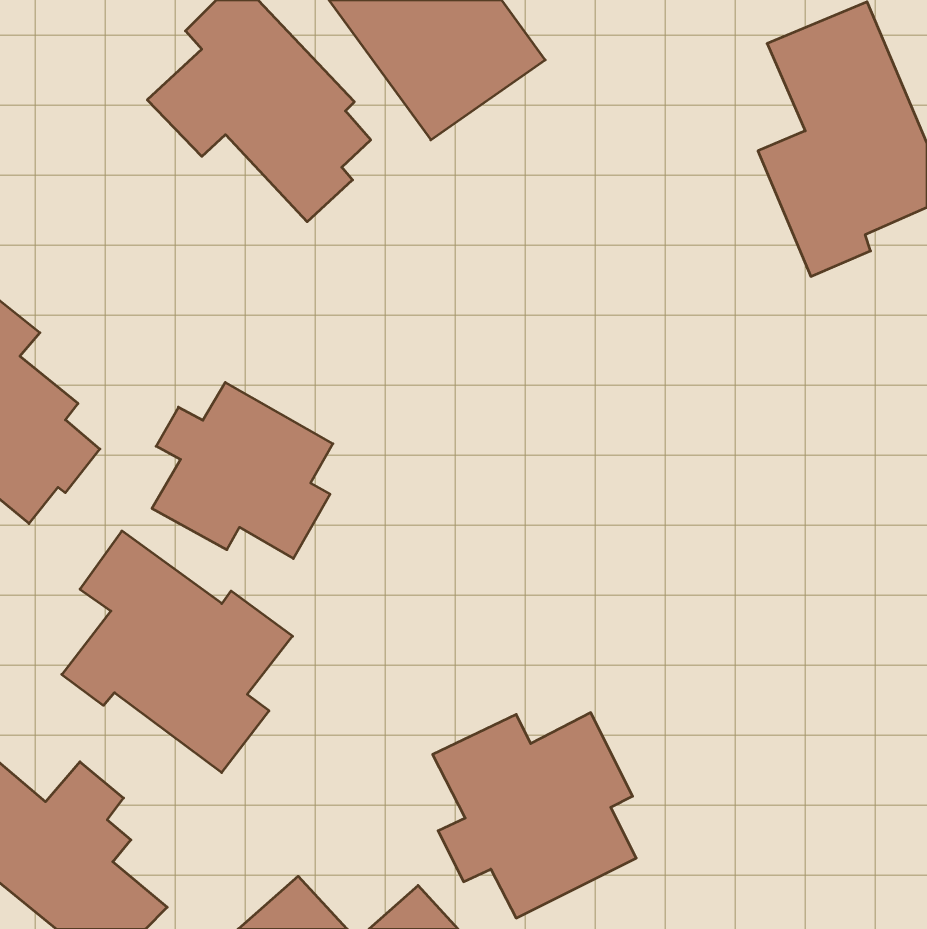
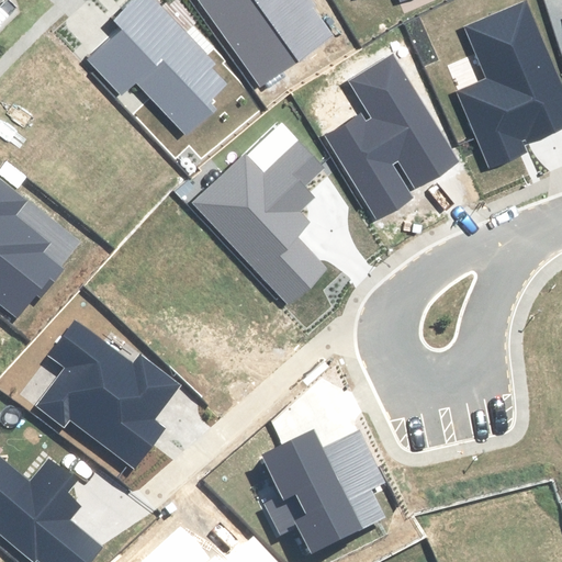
building: none -> [325,56,457,218]
building: none -> [193,143,325,303]
building: [152,382,333,559] -> none

